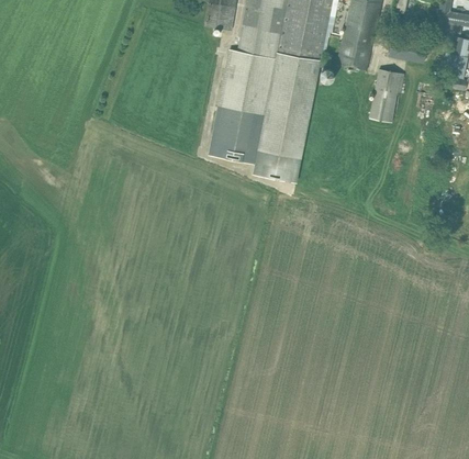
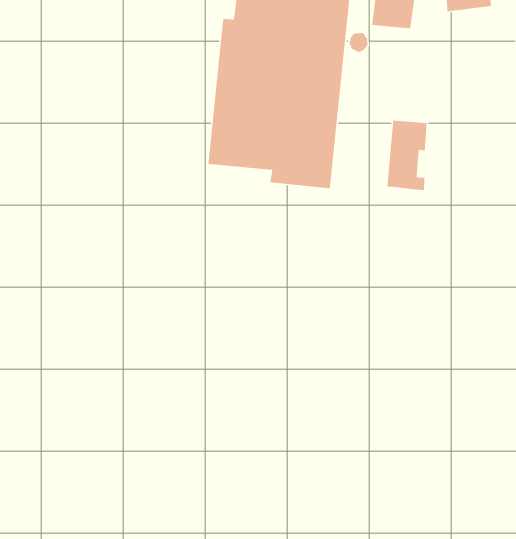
building: [370,68,404,122] -> [387,120,427,191]

